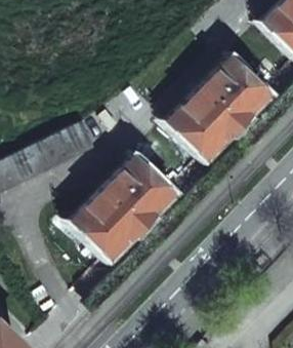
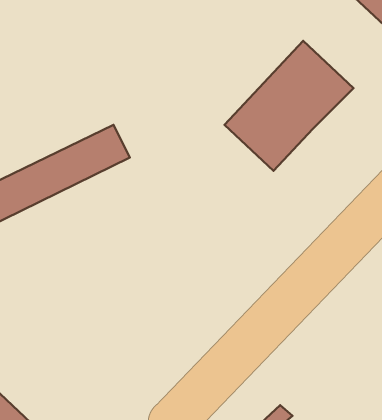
building: [76,158,173,257] -> none

